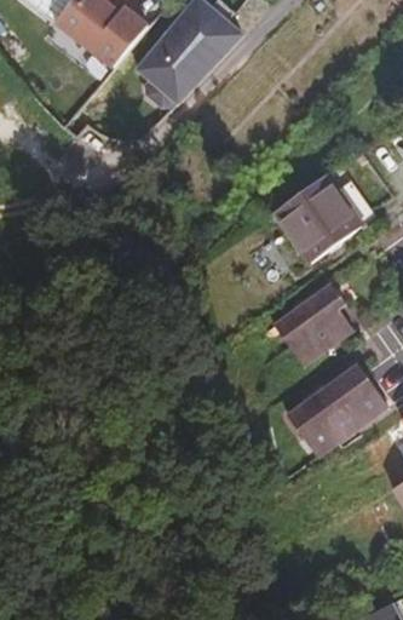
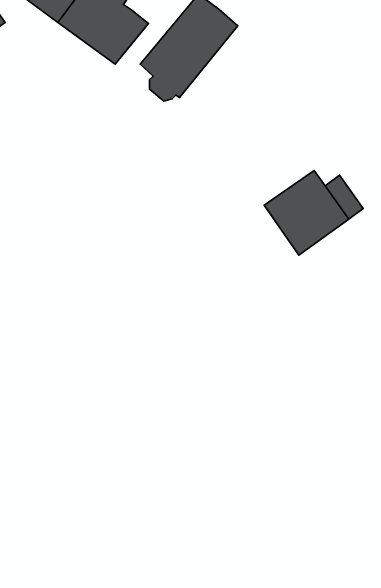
building: [271,283,350,364] -> none
building: [287,364,384,453] -> none

